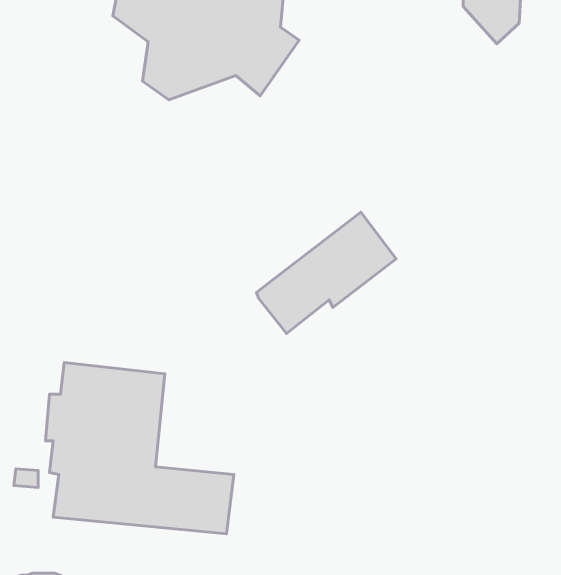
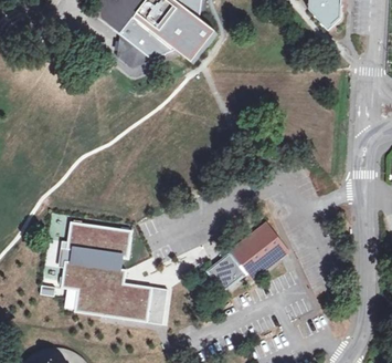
building: [257,212,396,333] -> [204,220,287,292]

